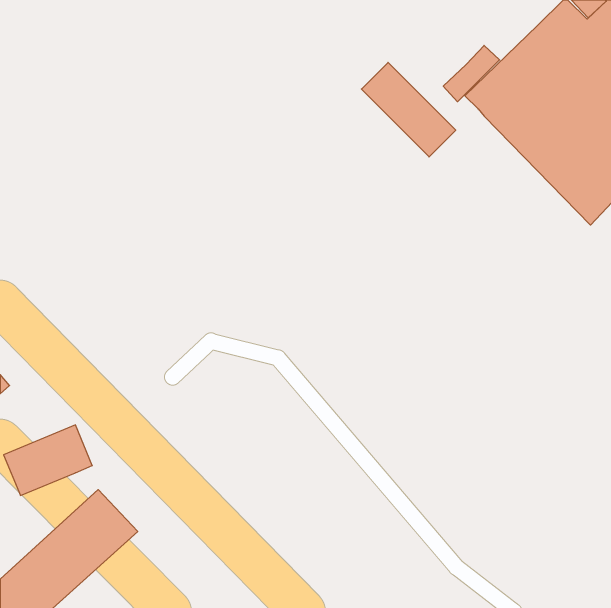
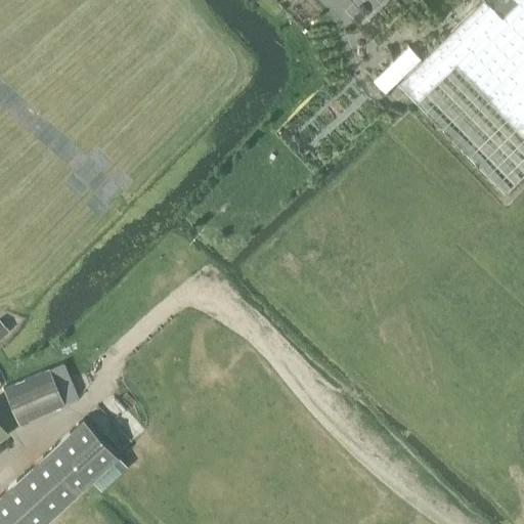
building: [361,62,456,157] -> none

